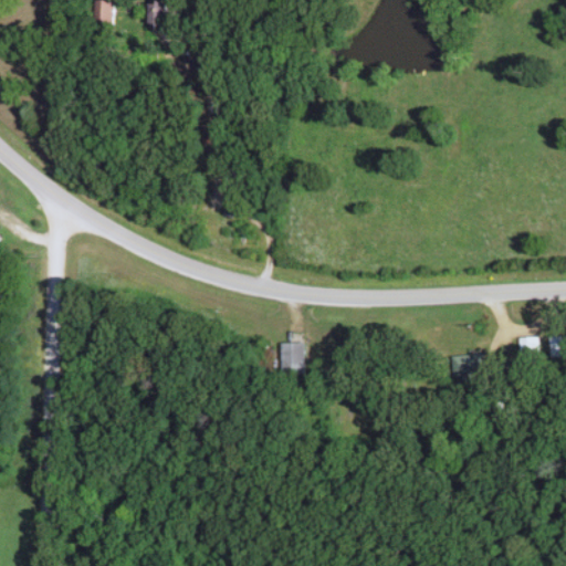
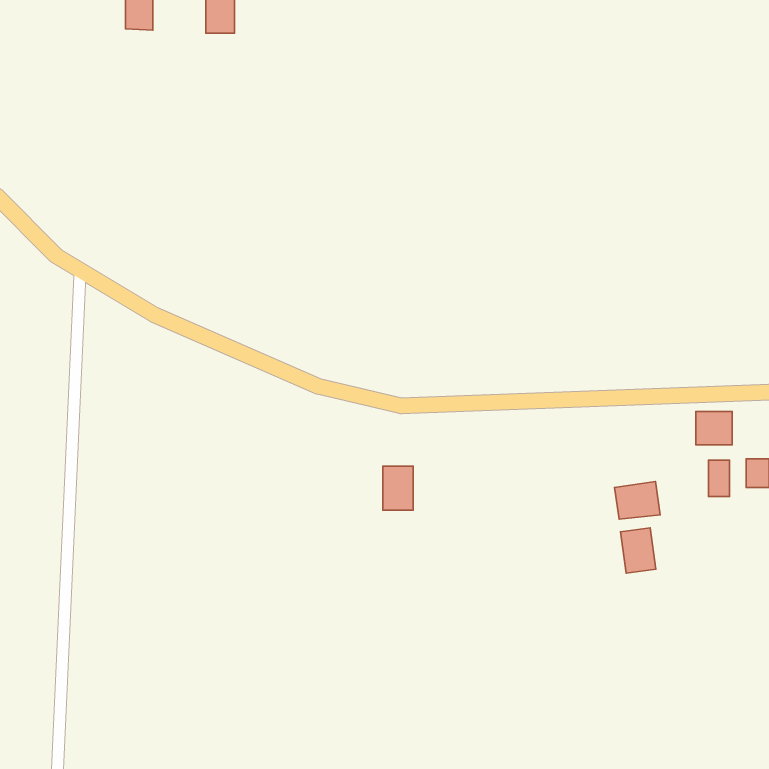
building: none -> [696,412,732,445]
building: none -> [620,528,656,573]

